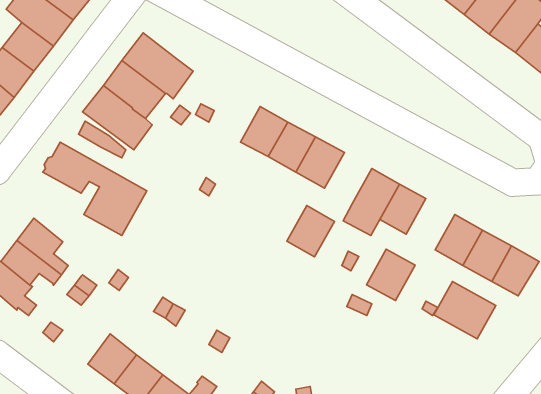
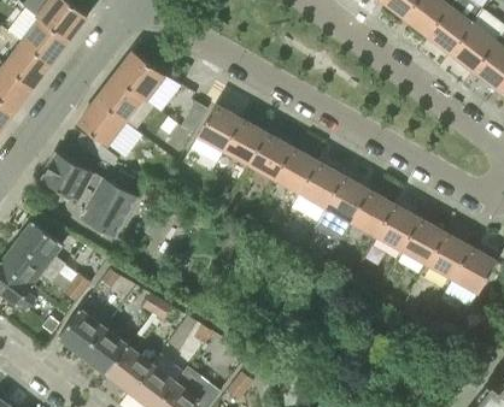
building: none -> [195,104,240,151]
building: [287,206,334,257] -> [299,160,342,207]
building: [366,249,415,301] -> [374,202,418,249]
building: [434,282,496,339] -> none
building: none -> [58,308,102,354]

